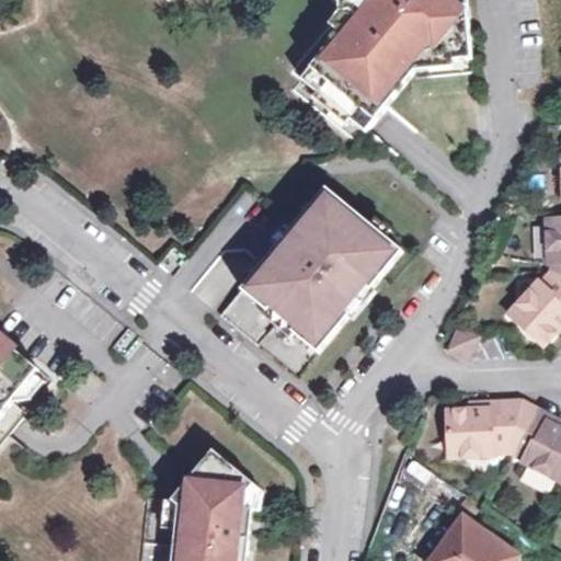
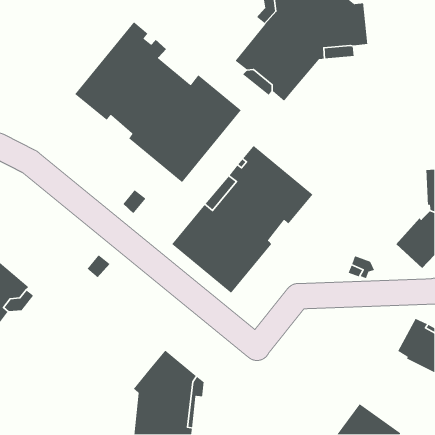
building: none -> [74,21,242,183]
building: [444,400,531,456] -> none

